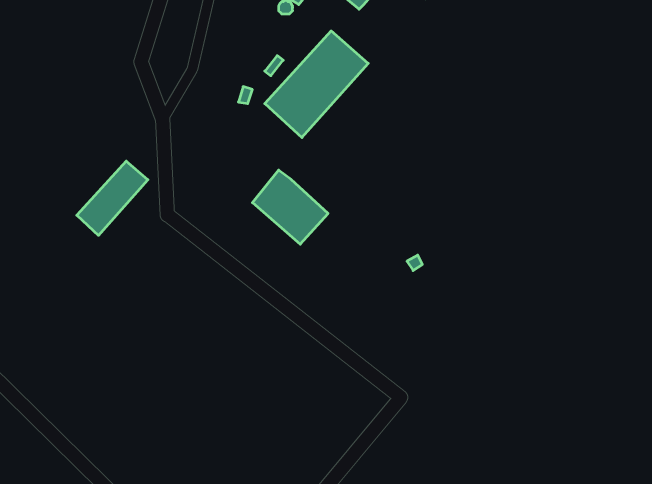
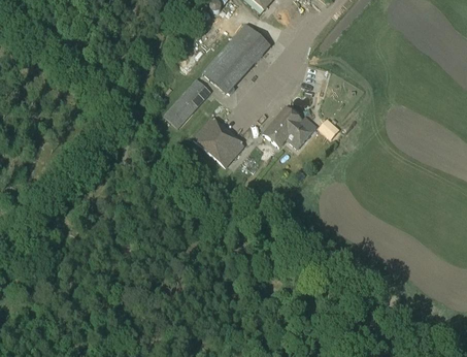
building: none -> [263,106,316,149]
building: [77,161,148,235] -> [164,78,211,128]

